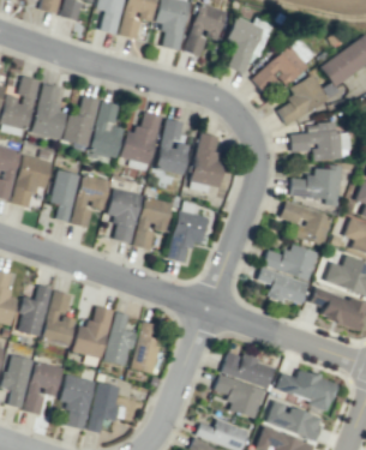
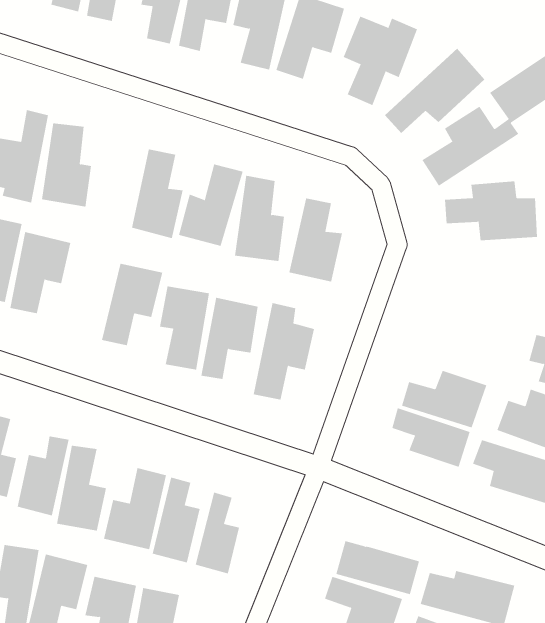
building: [64,96,100,148] -> none
building: [292,167,343,205] -> none
building: [50,170,80,222] -> none
building: [282,204,332,245] -> none

